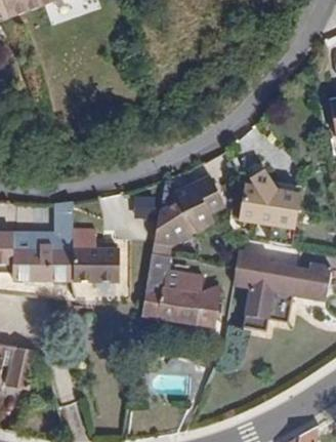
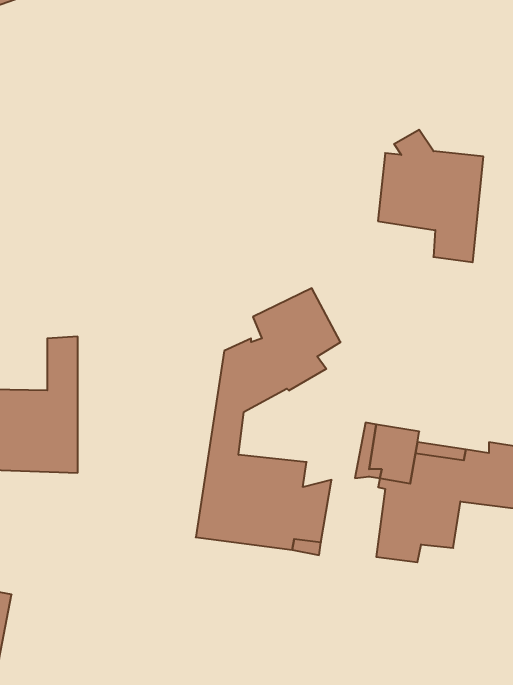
building: [240,169,300,245] -> [378,130,483,262]
building: [74,249,121,280] -> none

